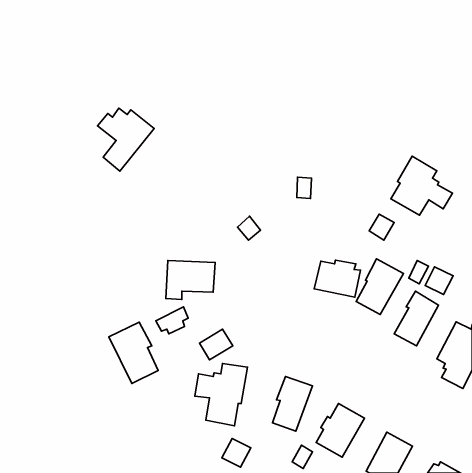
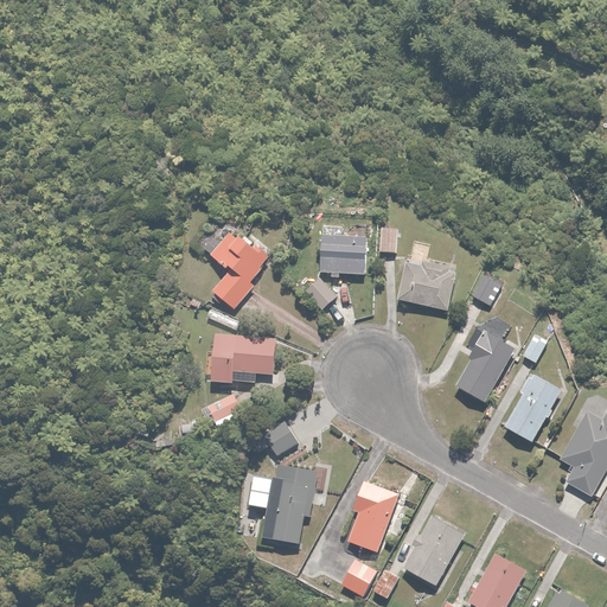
building: [98,108,154,171] -> [204,228,276,308]
building: [391,156,452,215] -> none
building: none -> [320,225,368,279]
building: [314,260,361,297] -> [396,262,455,309]
building: [425,267,453,295] -> none
building: [109,322,158,383] -> none
building: [222,438,251,467] -> [341,560,378,596]

